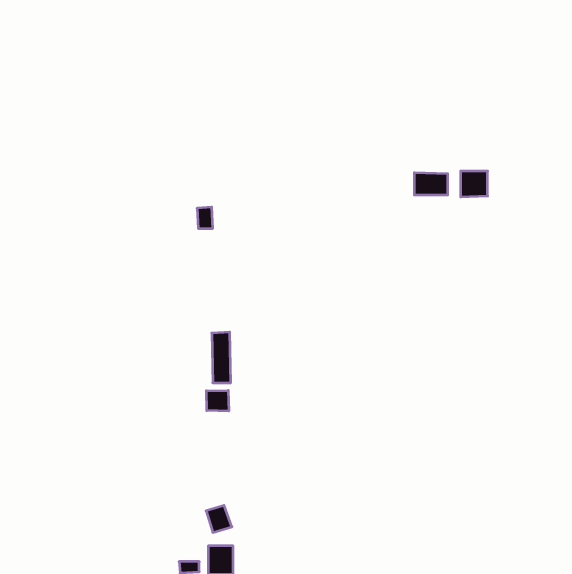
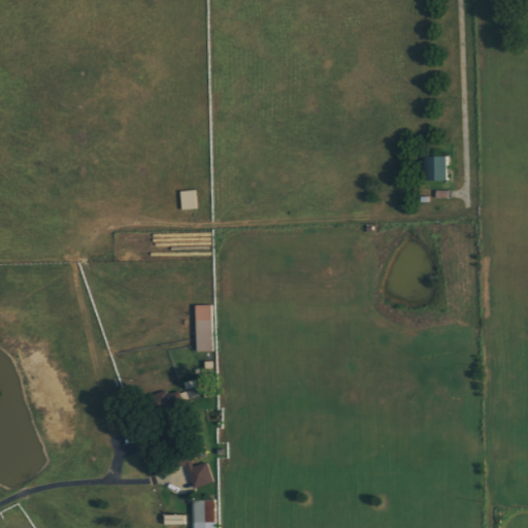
building: [414,173,448,195] -> none
building: [206,390,229,411] -> none

